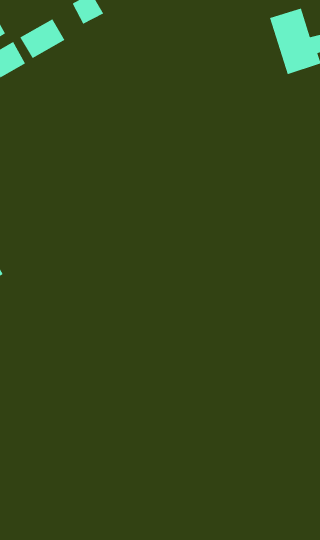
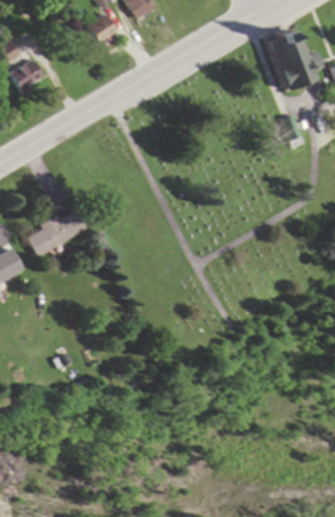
building: [20,18,65,59] -> none
building: none -> [26,211,83,255]

